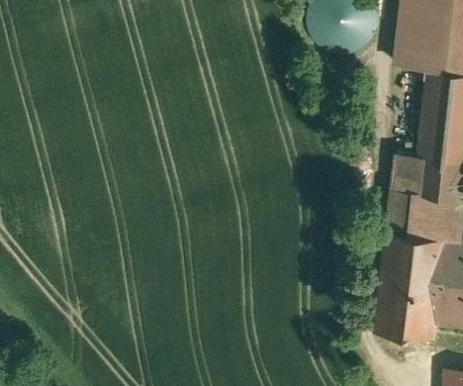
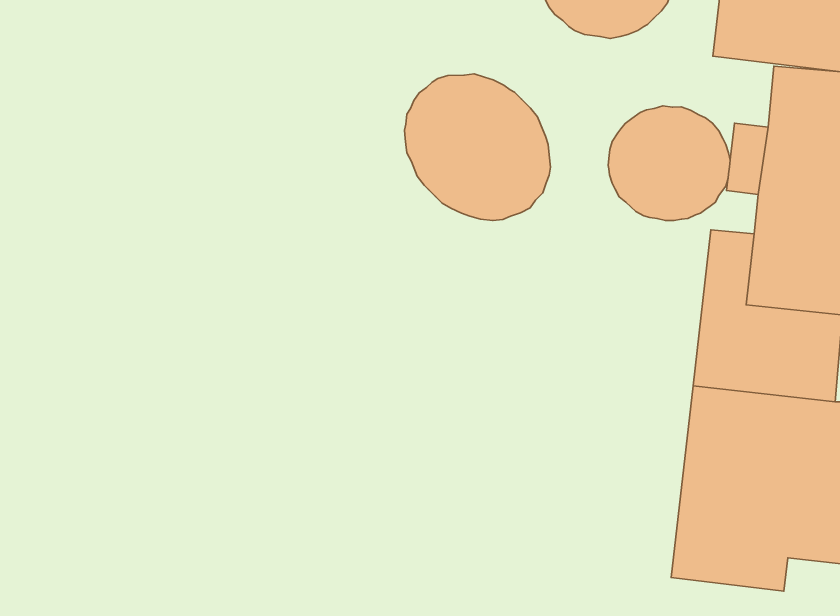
building: none -> [404,74,551,220]
building: none -> [608,106,730,221]

